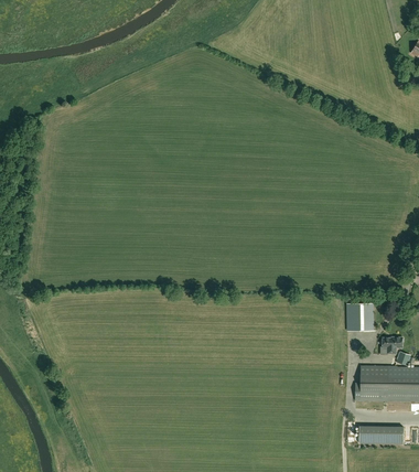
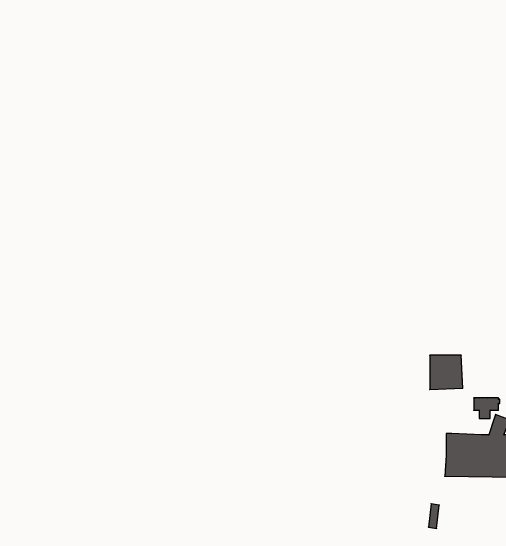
building: [358,427,402,444] -> none

